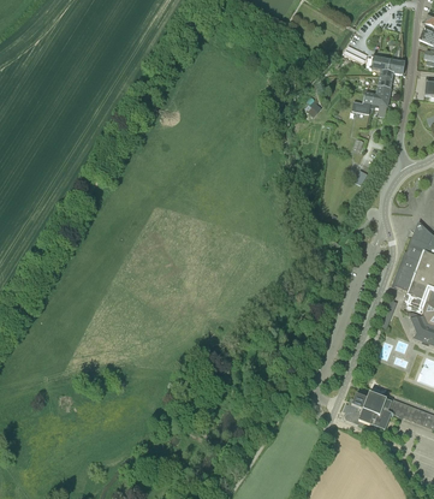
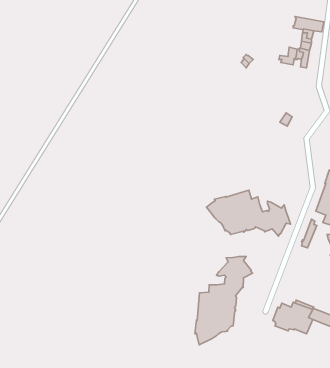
building: none -> [206,190,290,236]
building: none -> [195,256,253,345]

